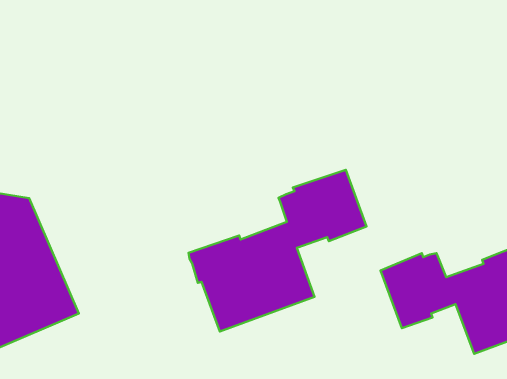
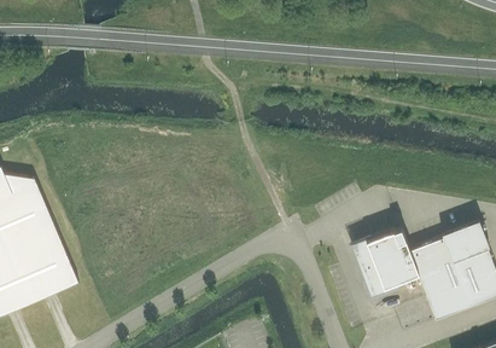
building: [188,170,366,332] -> none

